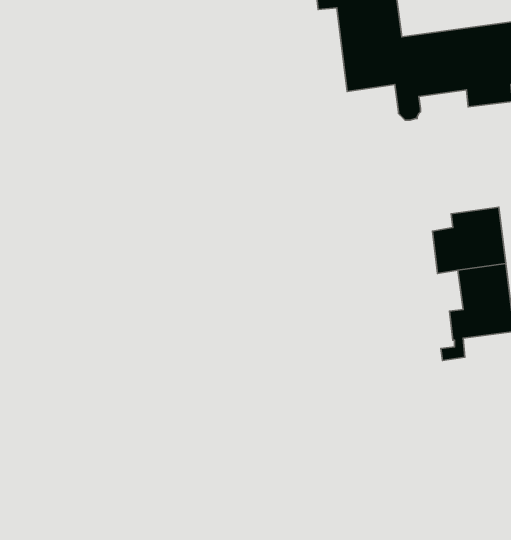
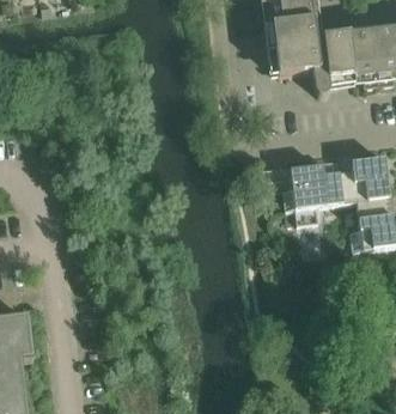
building: none -> [282,165,342,224]

